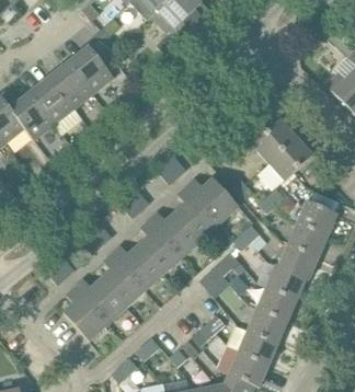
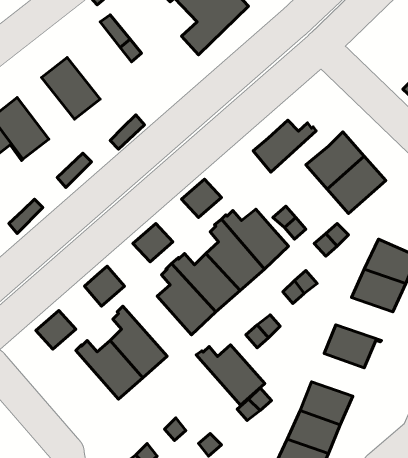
building: [68,45,113,93] -> none
building: [30,77,73,124] -> none
building: none -> [253,120,316,172]
building: [111,244,163,290] -> [196,345,265,405]
building: [274,245,318,278] -> none
building: [62,286,107,341] -> none
building: [255,288,296,321] -> none

